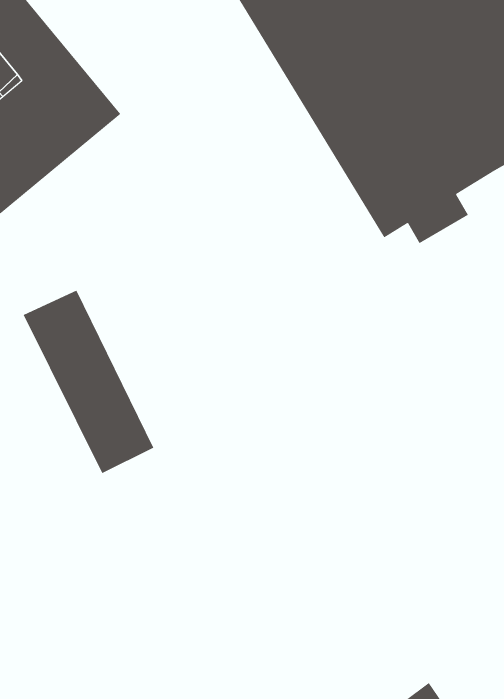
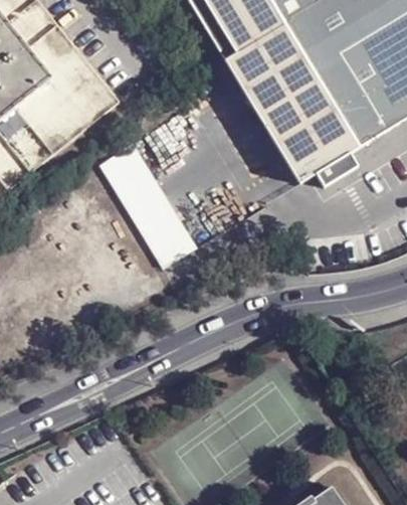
building: [23,290,154,474] -> [100,145,191,272]

